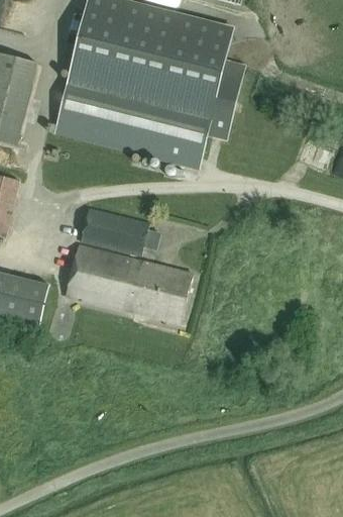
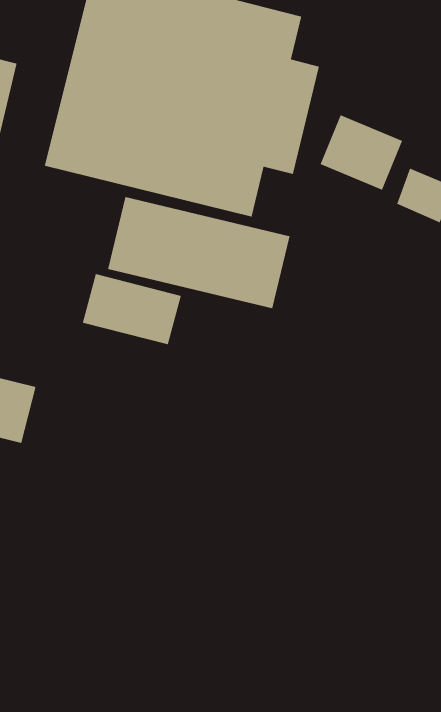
building: none -> [320,114,403,191]
building: [67,244,193,322] -> [107,196,291,309]

